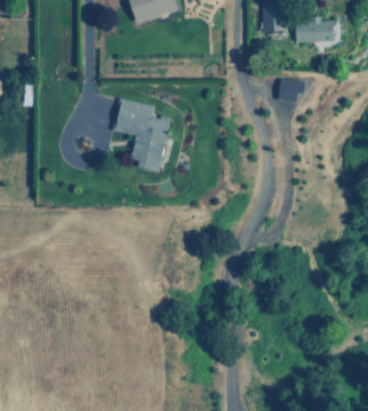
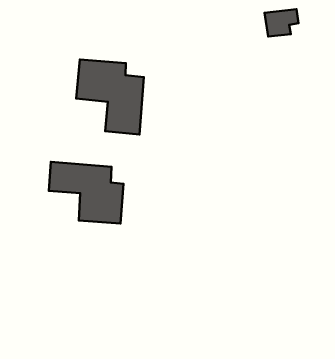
building: none -> [49,162,124,223]

